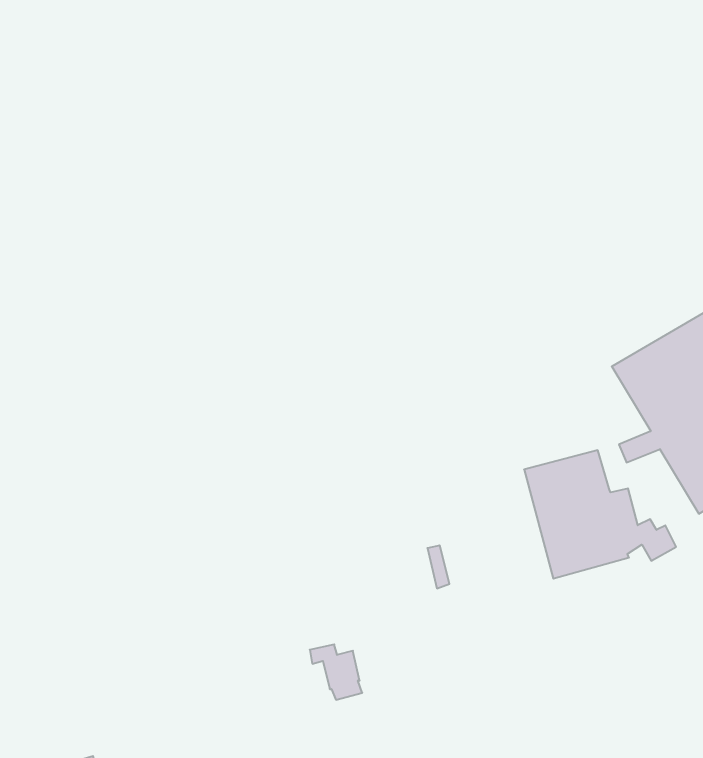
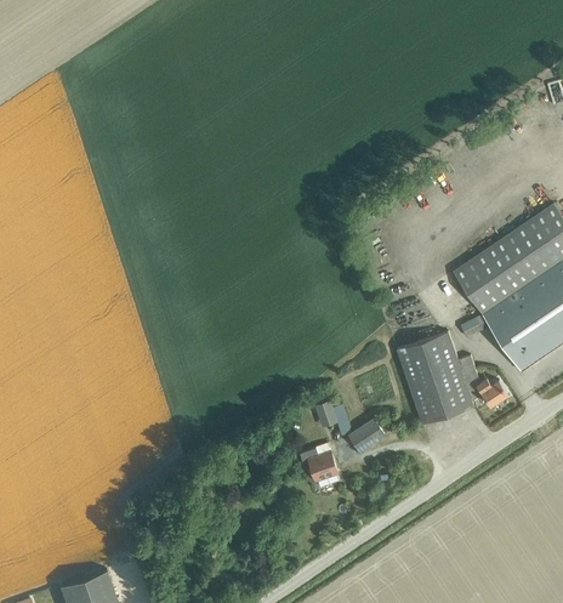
building: none -> [348,420,383,451]
building: [310,644,362,700] -> [298,448,337,487]

